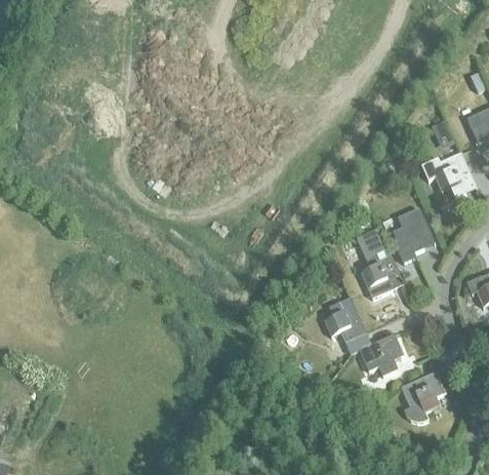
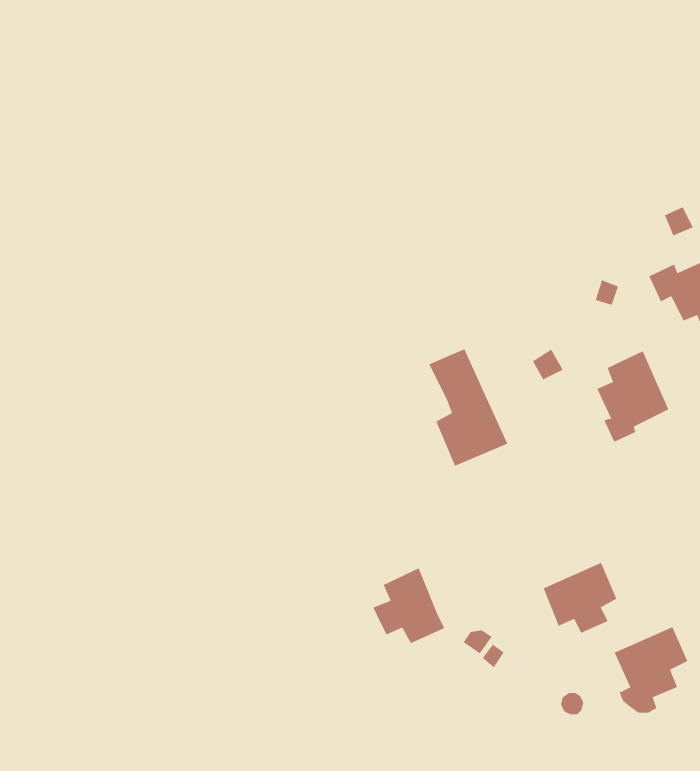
building: [357,229,404,299] -> [428,349,508,466]
building: [323,296,366,342] -> [372,567,445,644]

